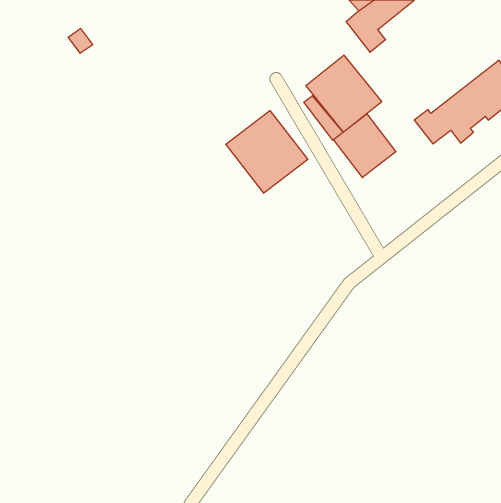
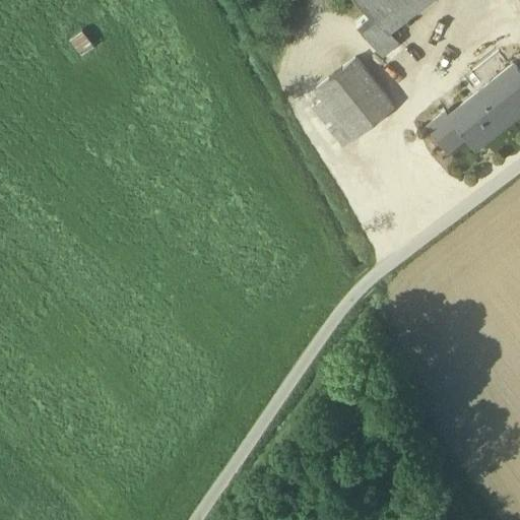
building: [226,111,308,193] -> none
building: [334,114,396,178] -> none

